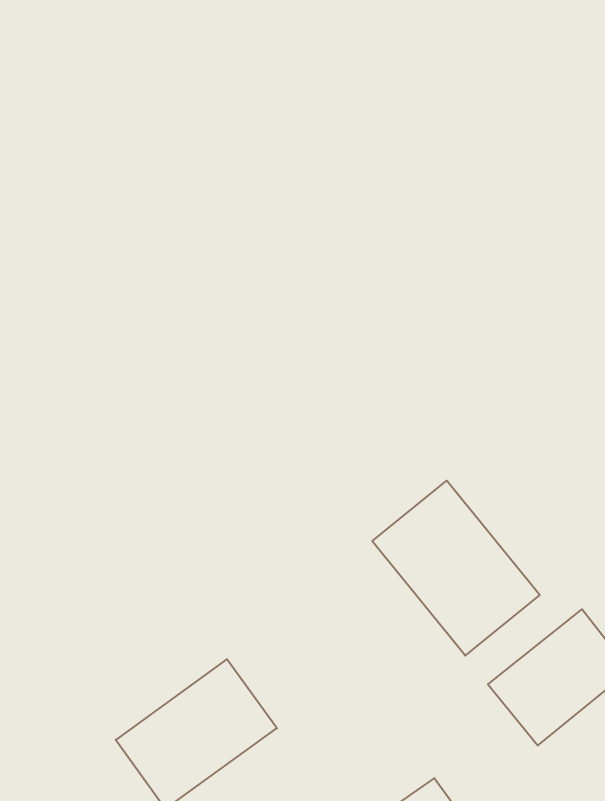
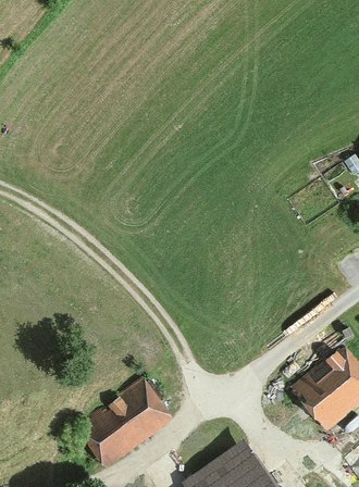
building: [372,481,540,656] -> none

